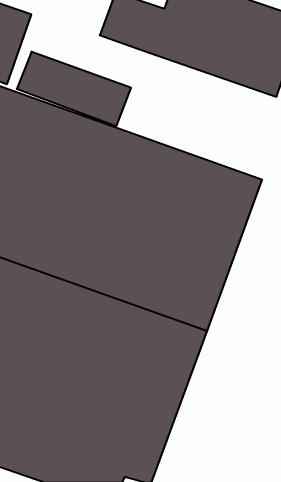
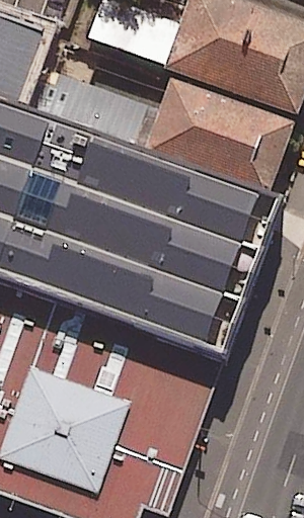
building: none -> [139,70,297,192]

